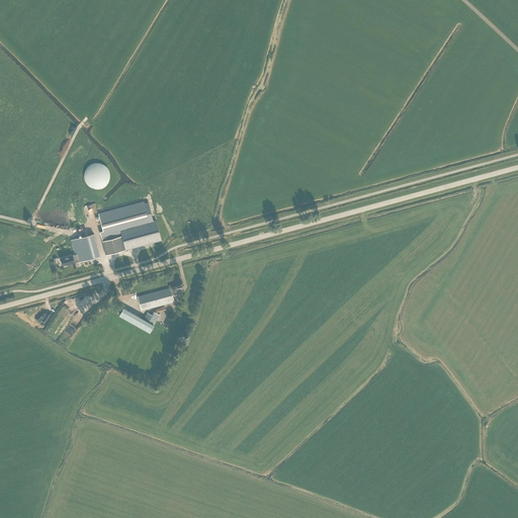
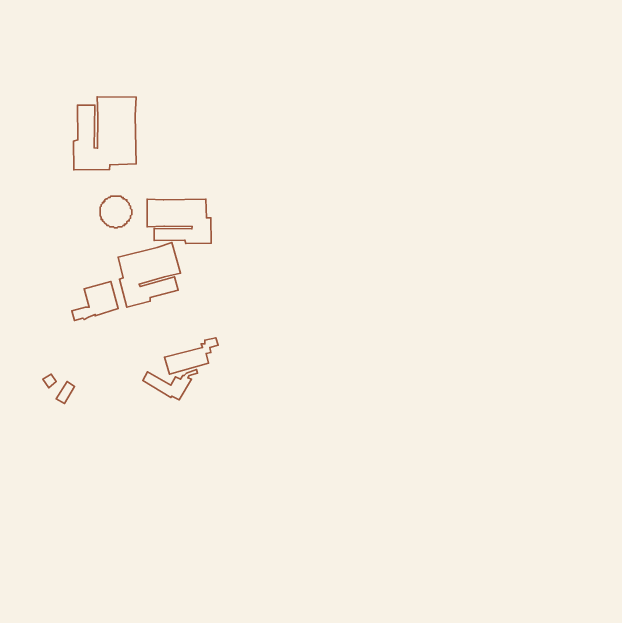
building: none -> [74,97,136,170]
building: none -> [147,199,211,243]

